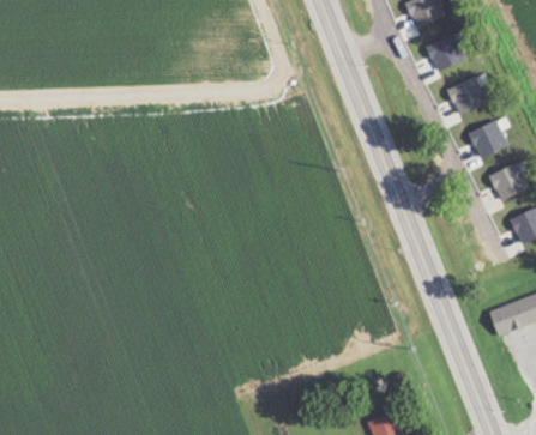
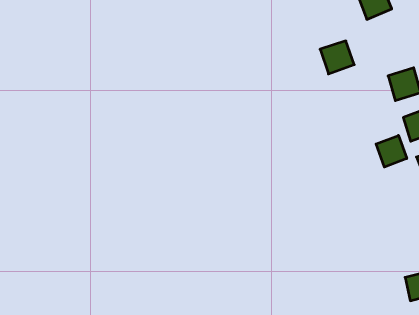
building: [427,34,466,72] -> [320,41,354,74]
building: none -> [376,135,407,167]

